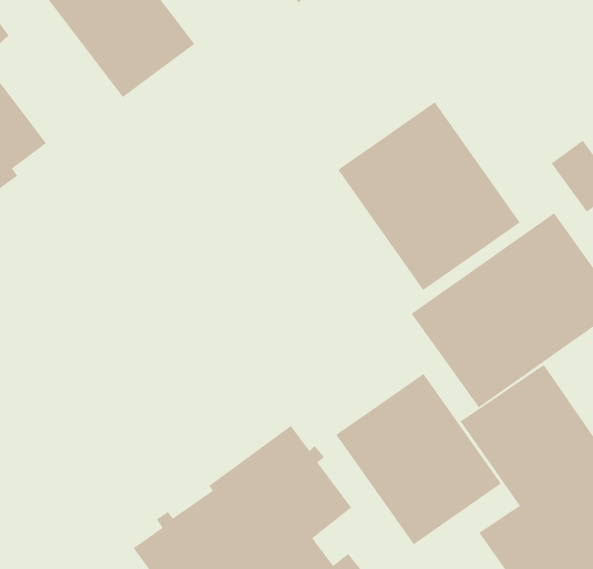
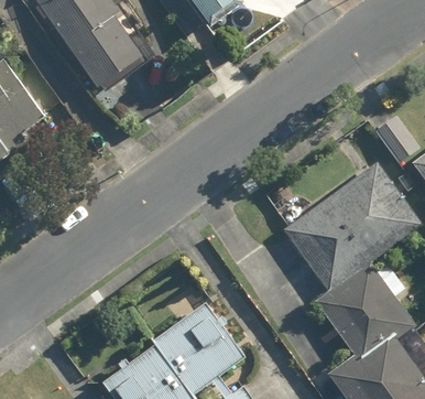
building: [338,102,521,291] -> none
building: [336,373,502,545] -> none

